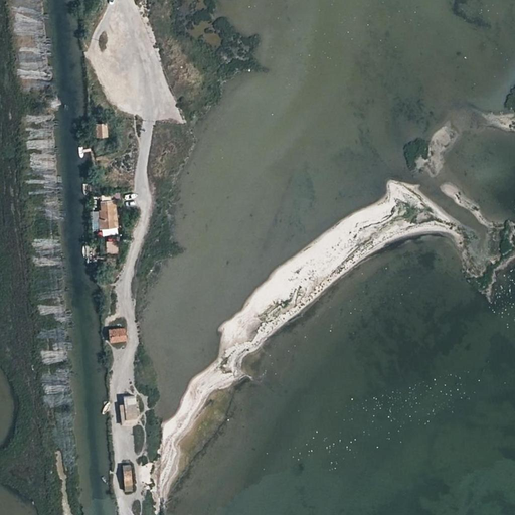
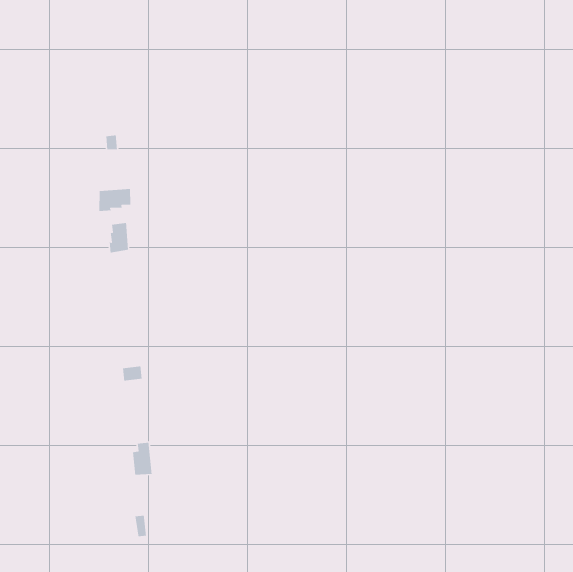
building: none -> [99,188,131,212]

